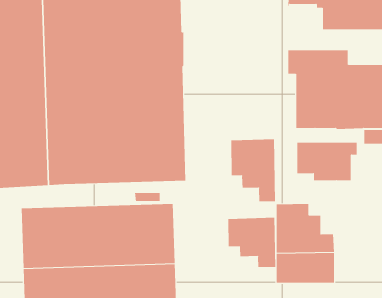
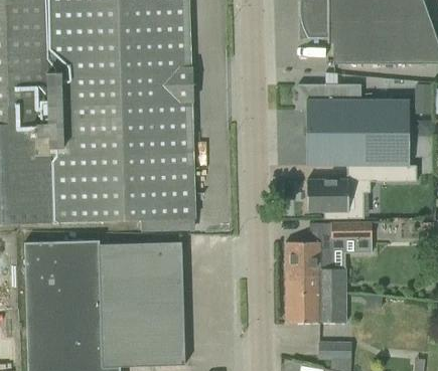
building: [231,138,275,202] -> none
building: none -> [331,227,372,243]
building: [228,217,276,268] -> none

